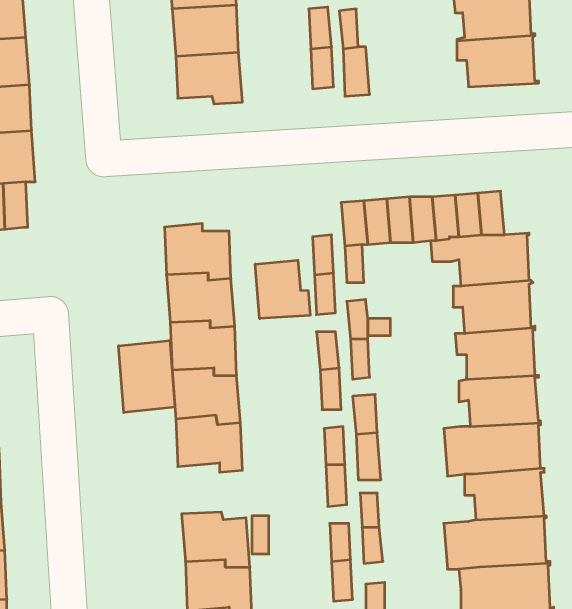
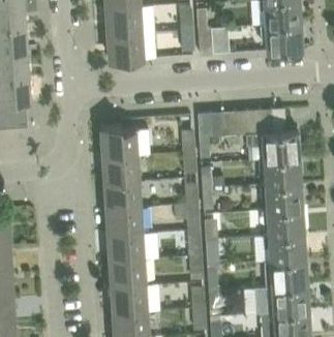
building: [255,260,310,319] -> none
building: [119,340,175,413] -> none
building: none -> [109,255,146,286]

